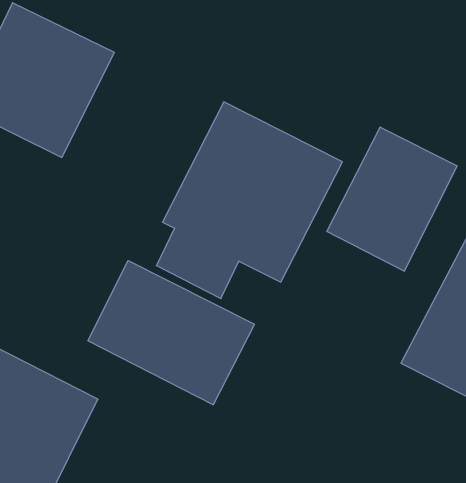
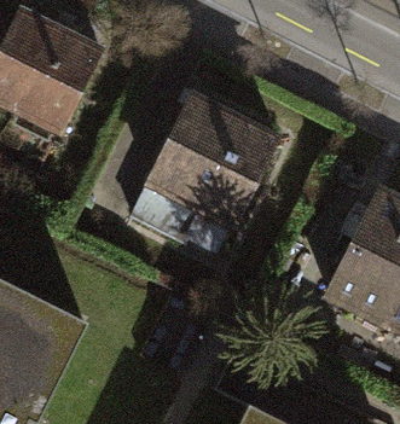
building: [327,127,457,271] -> none
building: [88,261,254,405] -> none

